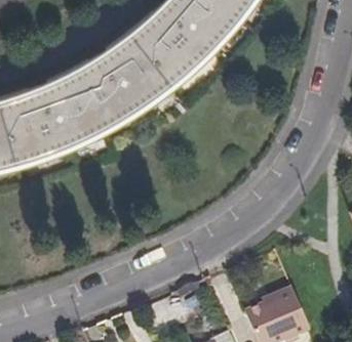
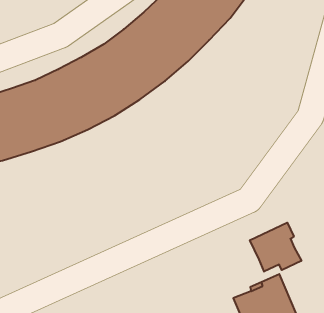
building: none -> [250,223,301,272]

